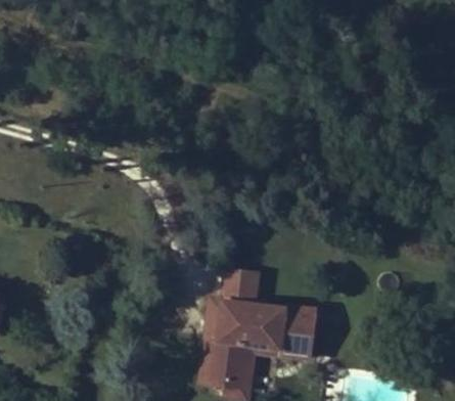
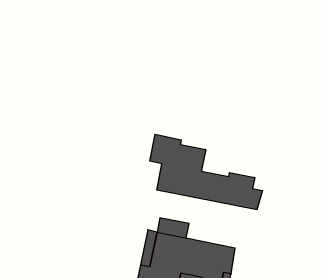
building: none -> [150,134,262,210]

